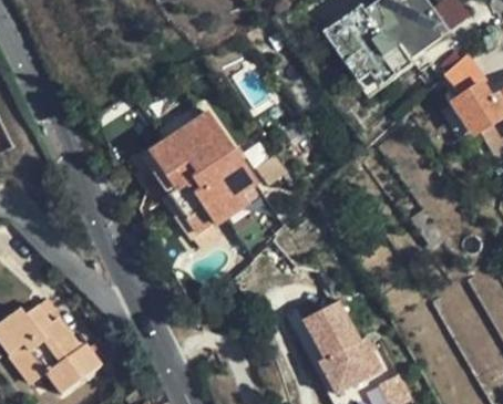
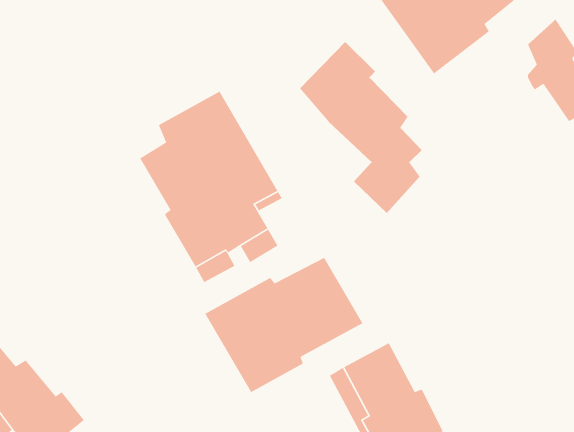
building: none -> [299,41,422,214]
building: none -> [204,257,364,393]

